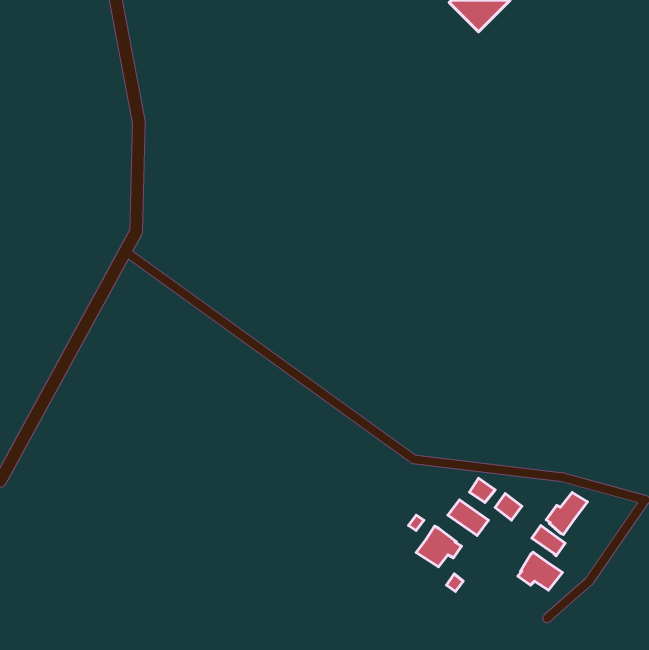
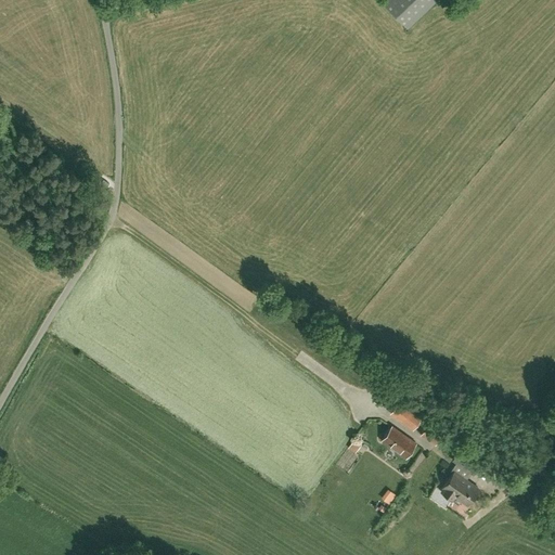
building: [546,492,587,534] -> none
building: [416,526,462,567] -> none

